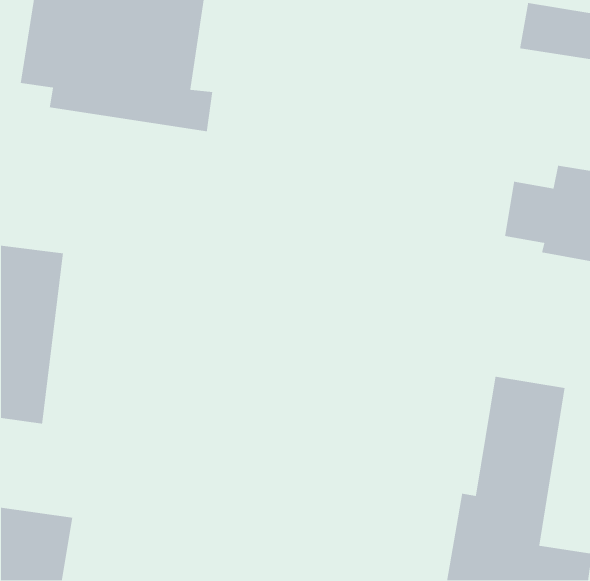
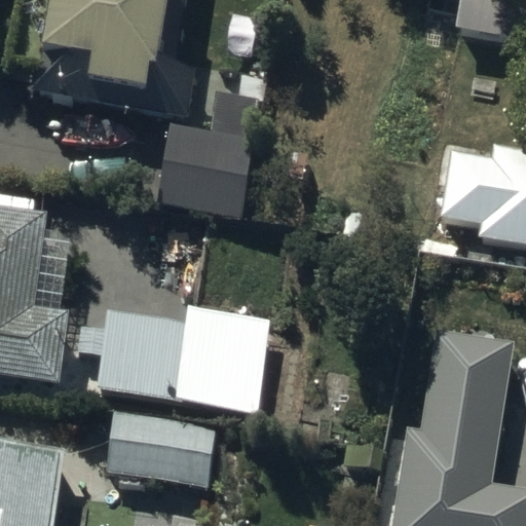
building: none -> [160,103,254,216]
building: none -> [99,306,265,402]
building: none -> [103,411,211,509]

